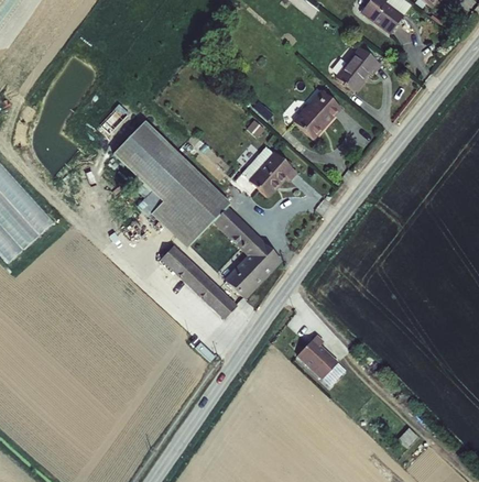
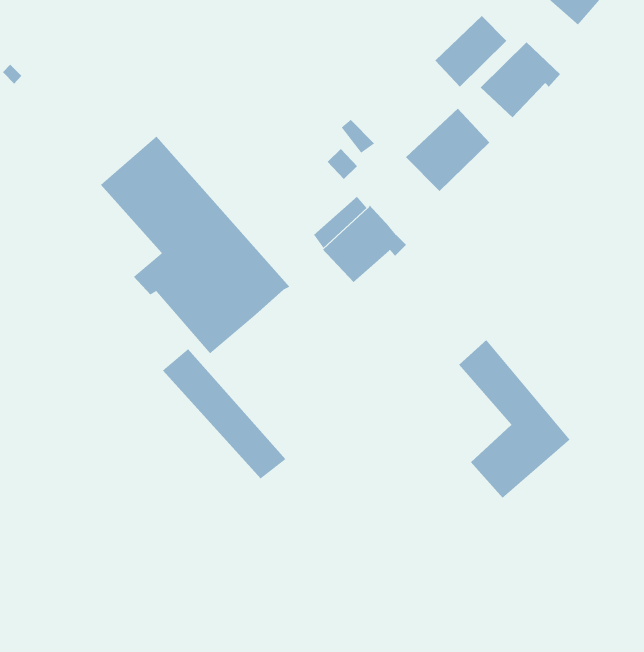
building: none -> [435,15,507,88]
building: [213,205,283,298] -> [458,339,571,499]
building: [296,333,339,379] -> none

